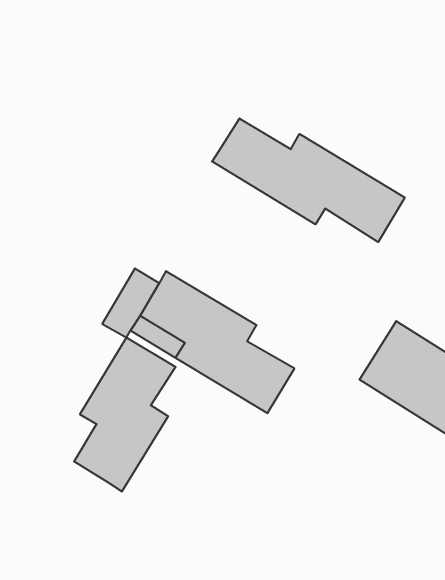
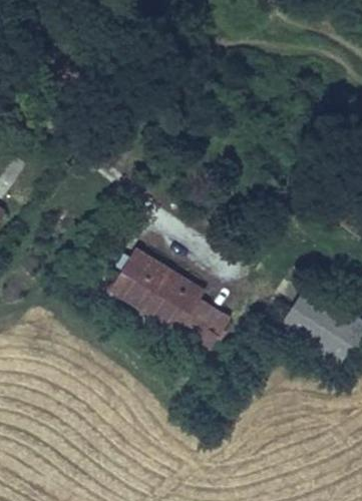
building: [212,118,405,242] -> none
building: [74,337,176,492] -> none

